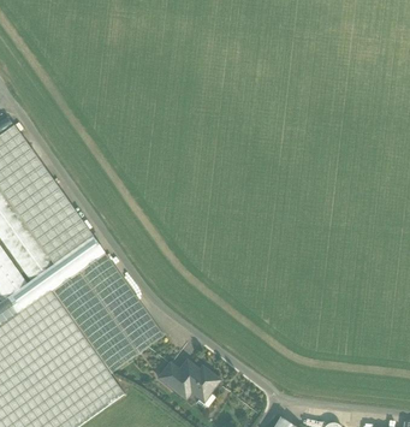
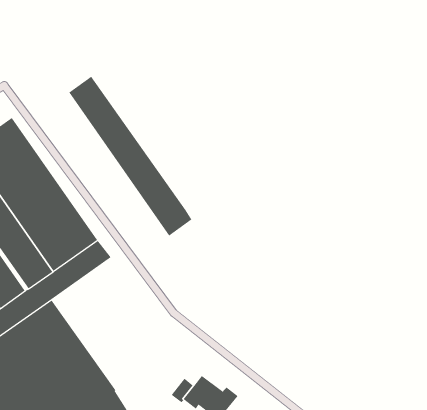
building: none -> [68,76,192,236]
building: [52,253,164,374] -> none

